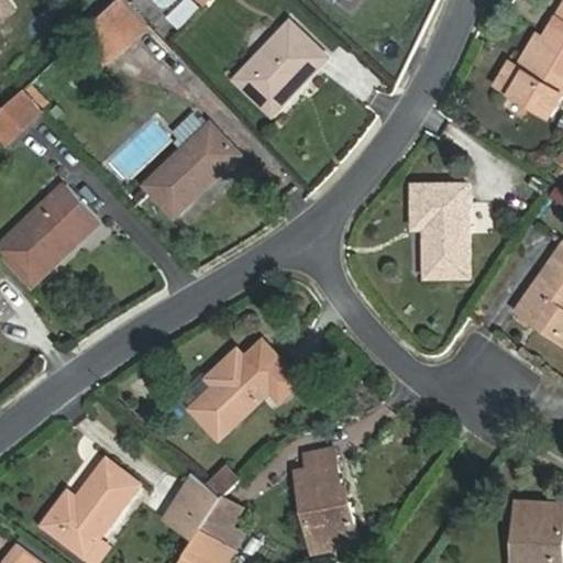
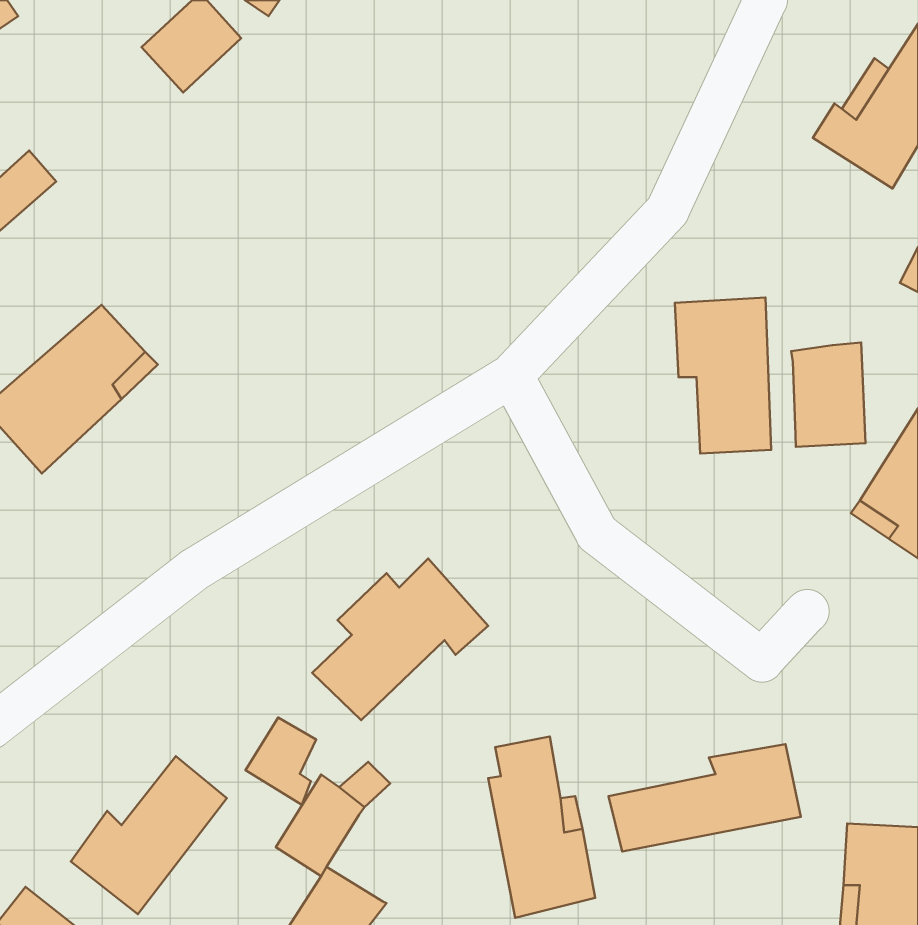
building: [234,23,323,114] -> none
building: [128,112,235,217] -> none
building: none -> [791,343,865,447]
building: none -> [608,744,801,852]
building: [198,495,241,548] -> [246,718,316,805]

